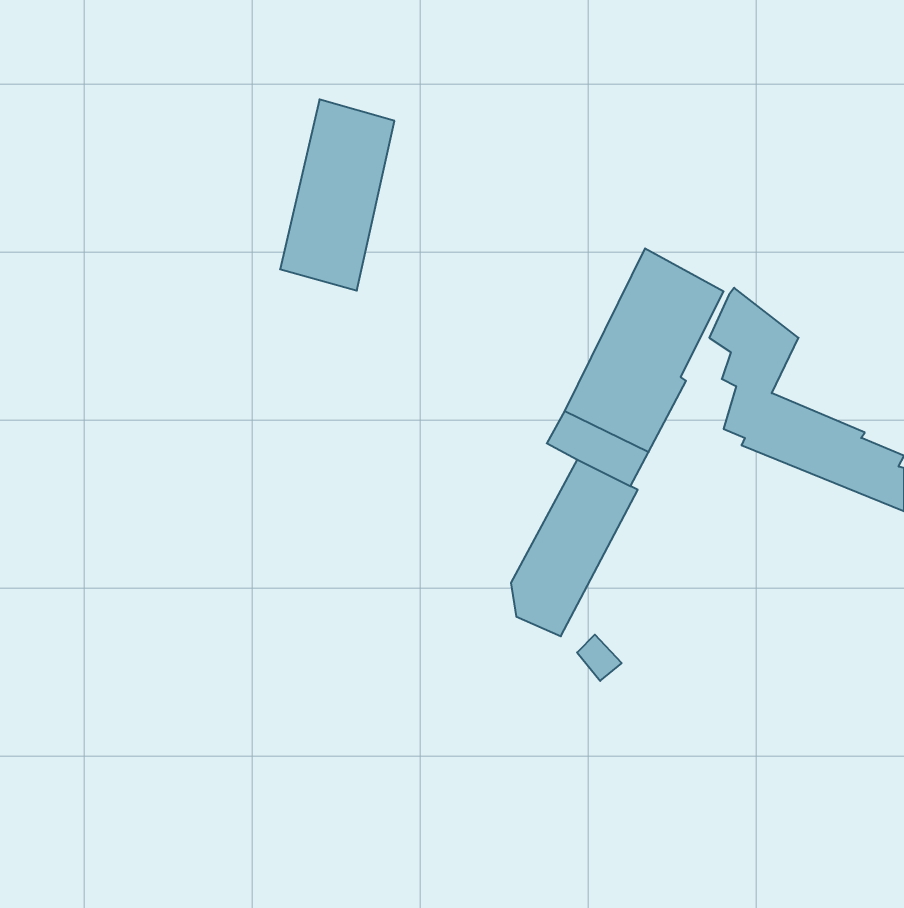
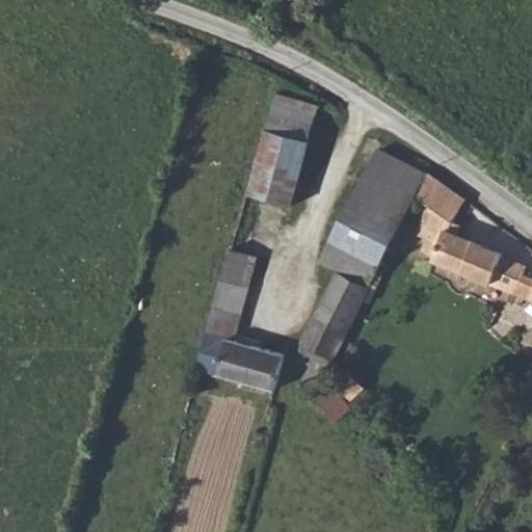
building: [280,99,394,291] -> [248,90,315,202]
building: none -> [197,250,287,390]

